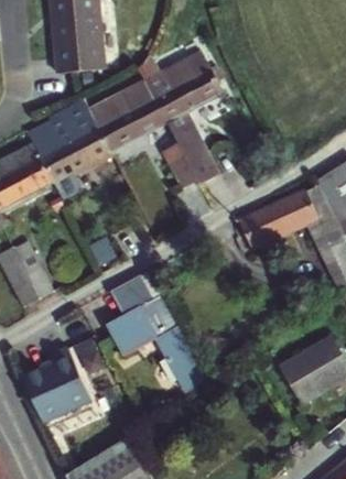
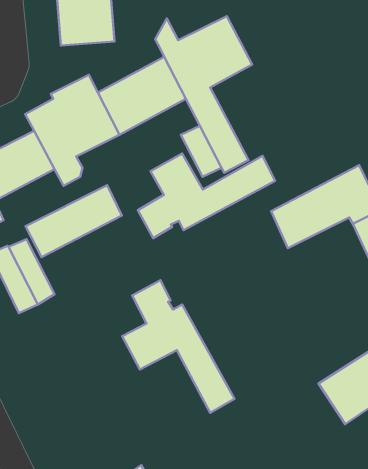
building: none -> [138,153,275,238]
building: none -> [26,185,122,257]
building: [26,348,96,423] -> none

